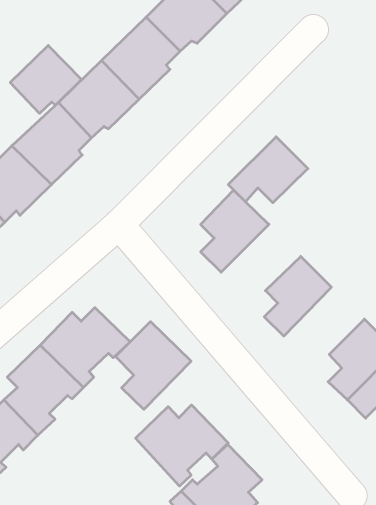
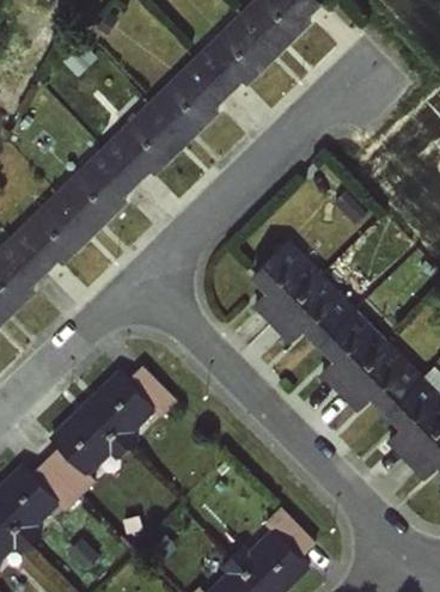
building: [10,45,82,113] -> none
building: [228,137,308,203] -> [273,275,356,344]
building: none -> [338,341,423,411]
building: [115,322,191,409] -> none
building: [136,405,228,486] -> none

